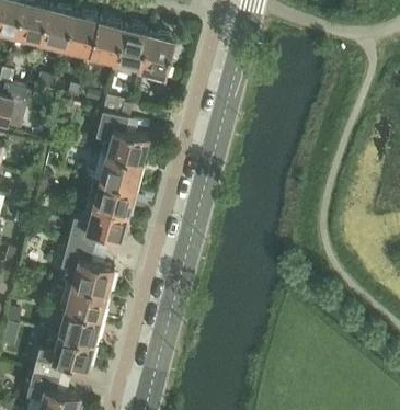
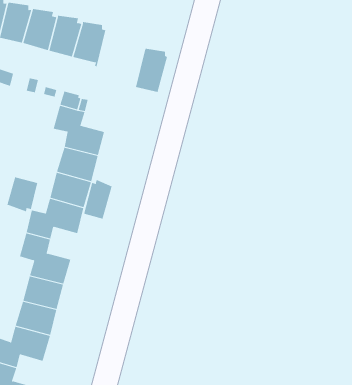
building: [140,36,173,81] -> [135,48,168,93]
building: none -> [6,176,38,212]
building: none -> [84,179,113,219]

